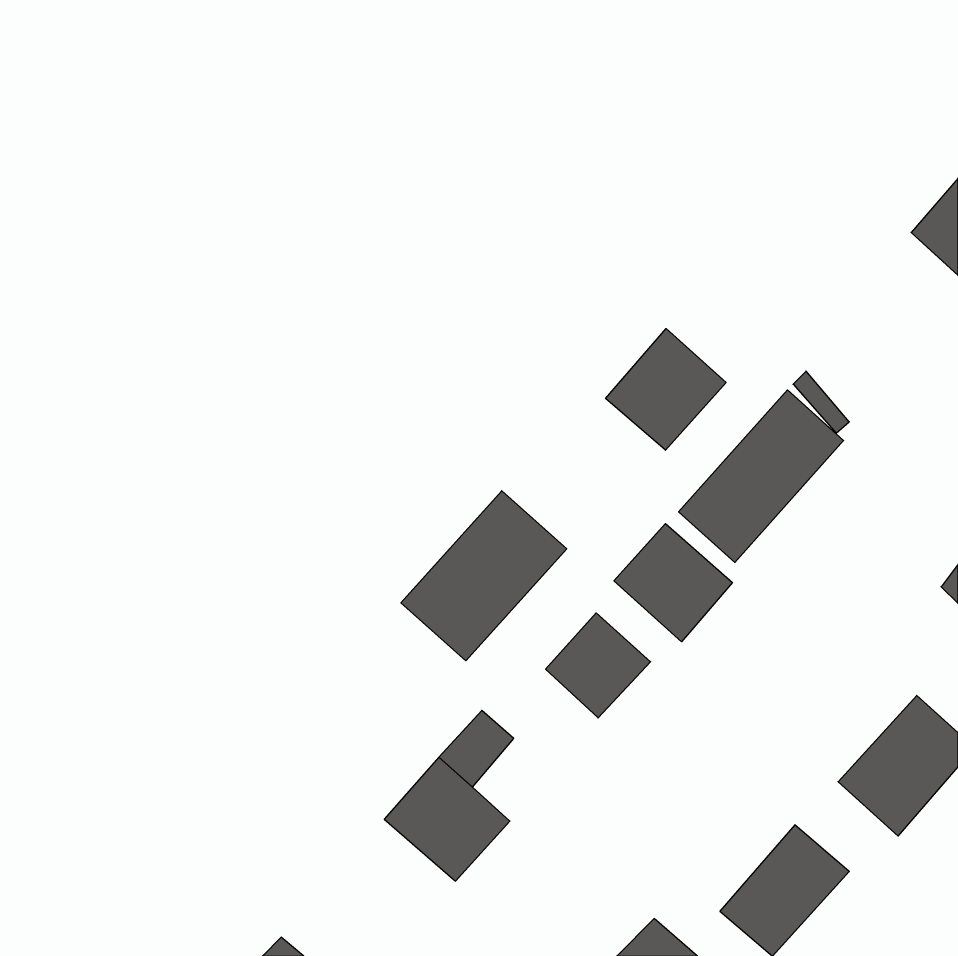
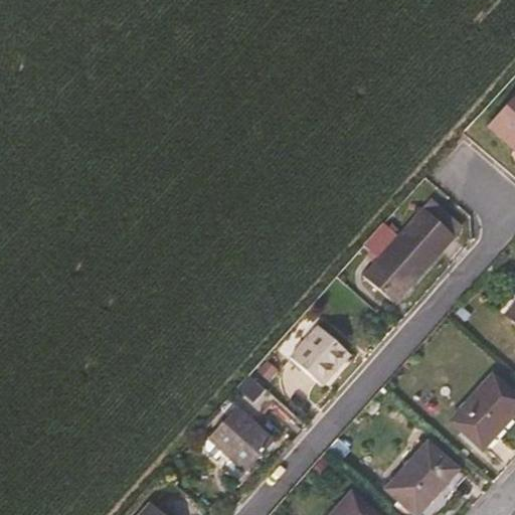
building: [606,329,726,450] -> none
building: [401,491,567,661] -> none
building: [614,524,732,642] -> none

